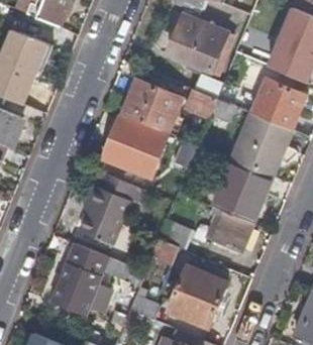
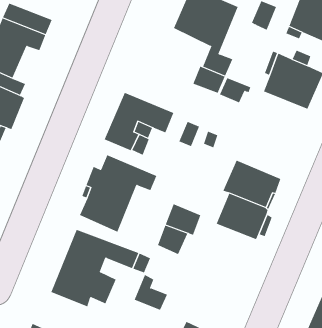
building: [120,79,182,134] -> none
building: [231,113,293,178] -> none
building: [169,265,226,329] -> none

